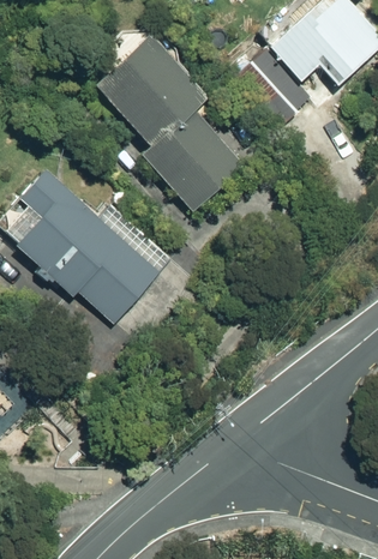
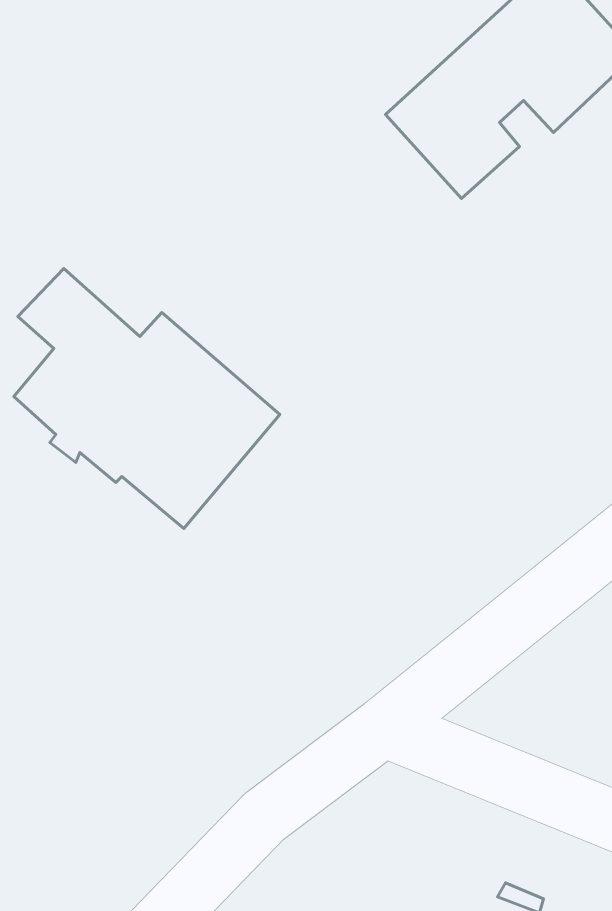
building: [92,32,246,211] -> none

